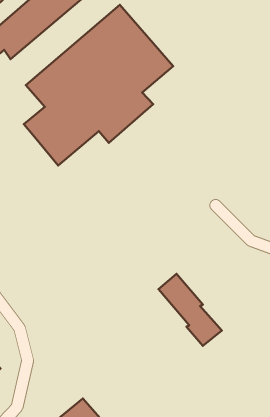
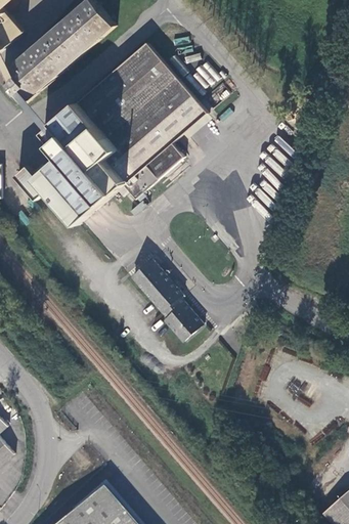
building: none -> [17,166,49,200]
building: [159,274,222,346] -> [132,260,204,342]

